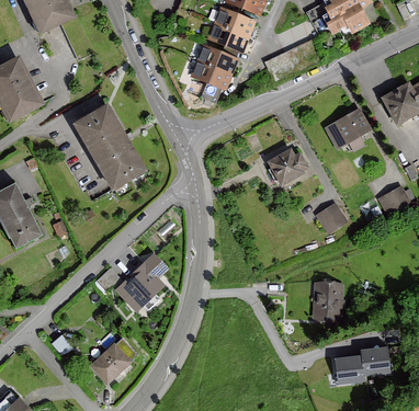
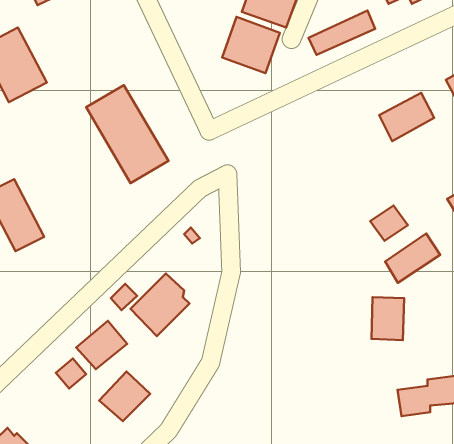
building: [263,149,305,187] -> none
building: none -> [385,233,440,283]
building: none -> [76,321,127,369]

